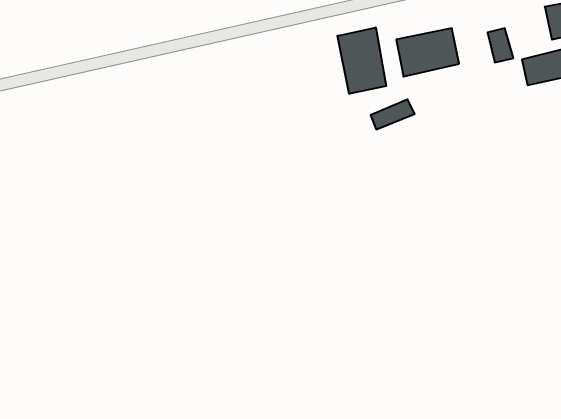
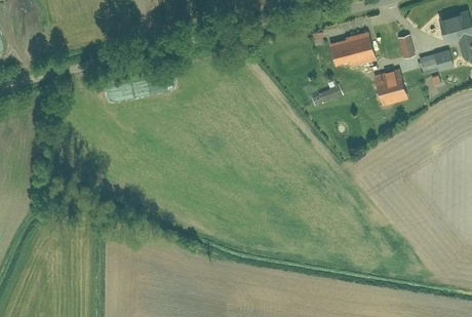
building: [337,27,386,94] -> none
building: none -> [373,69,410,108]

